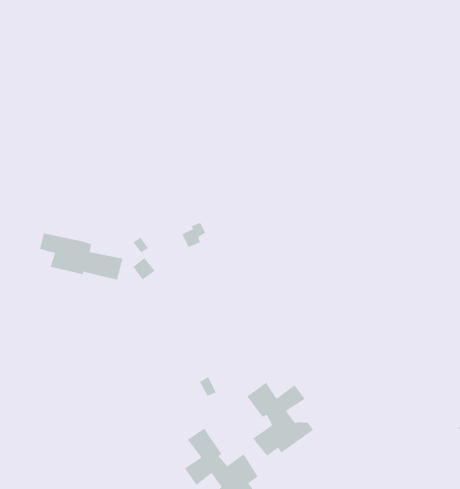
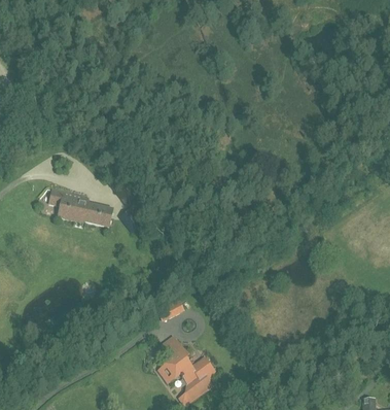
building: [246,382,314,456] -> none

